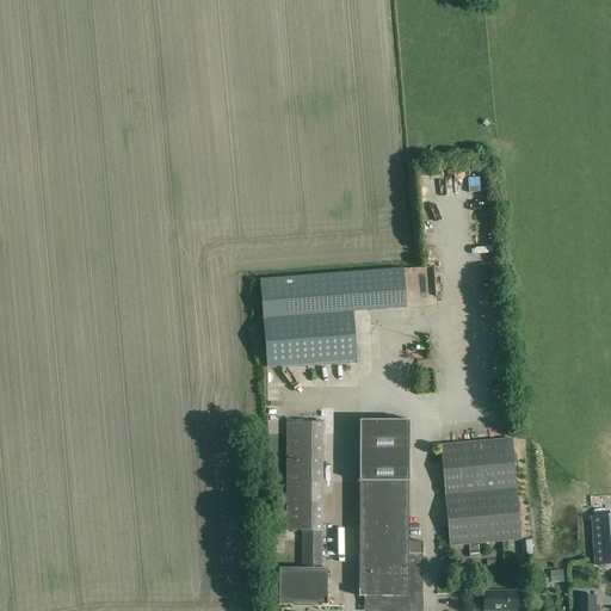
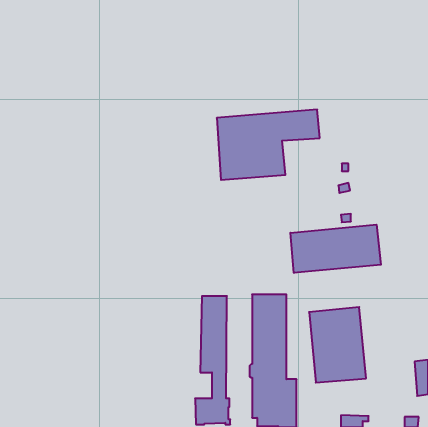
building: [260,266,407,366] -> [217,110,320,180]
building: none -> [290,225,381,273]

